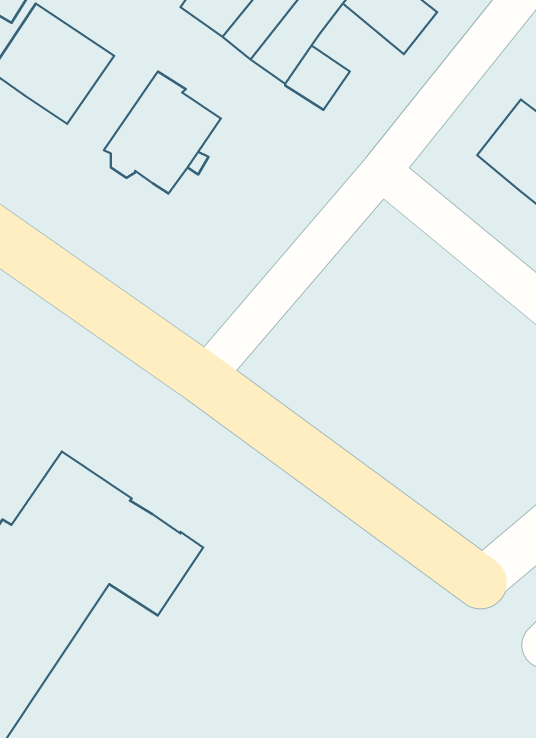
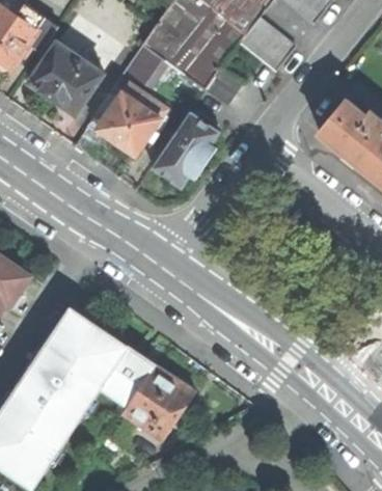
building: none -> [120,45,167,93]
building: none -> [152,112,219,189]
building: none -> [125,366,195,439]

